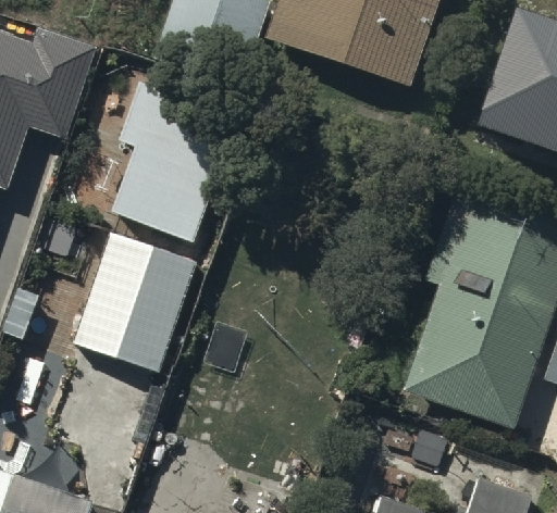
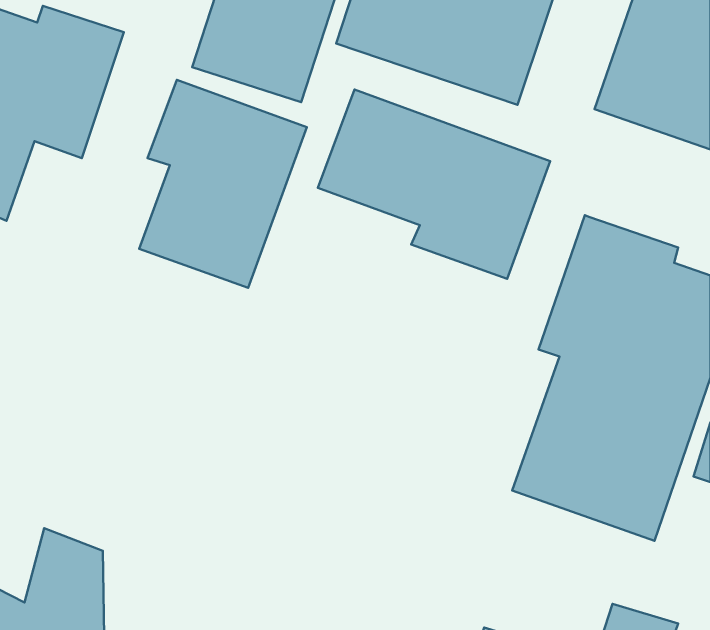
building: none -> [318,90,550,279]
building: [73,237,196,377] -> none

